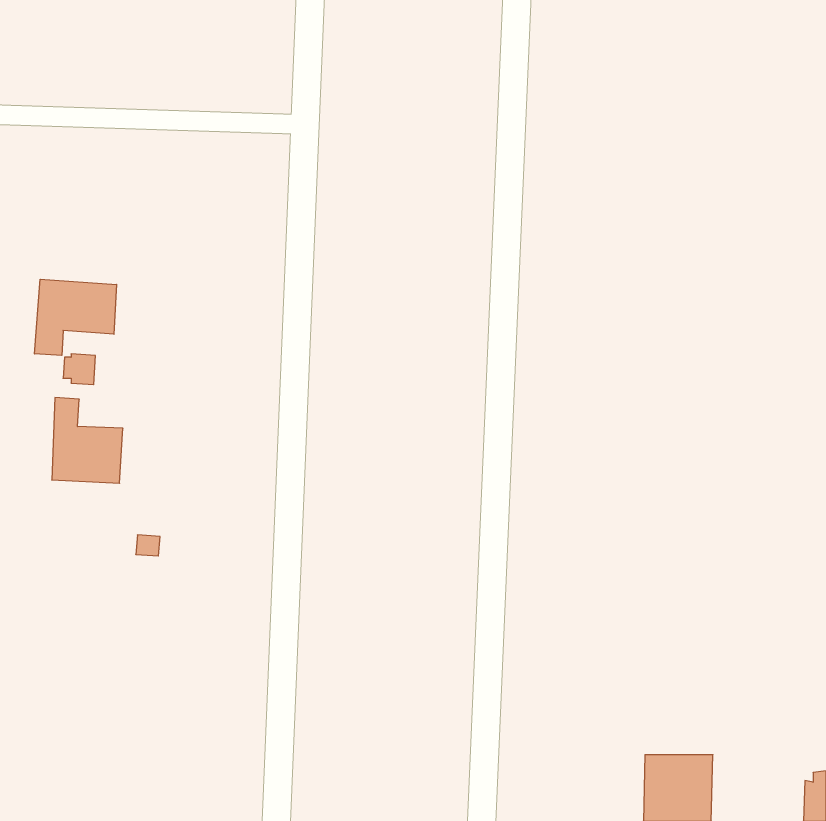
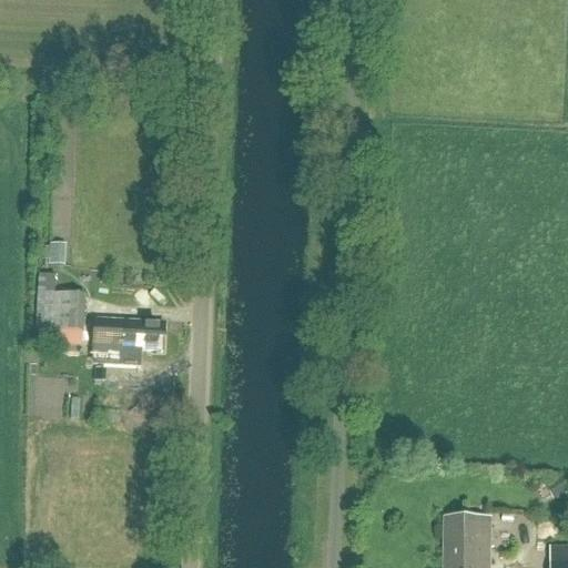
building: [35,279,117,355] -> none
building: none -> [93,320,163,359]

